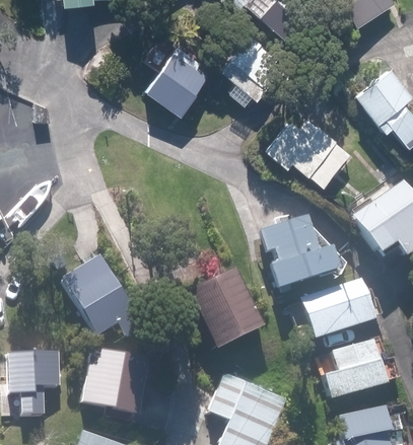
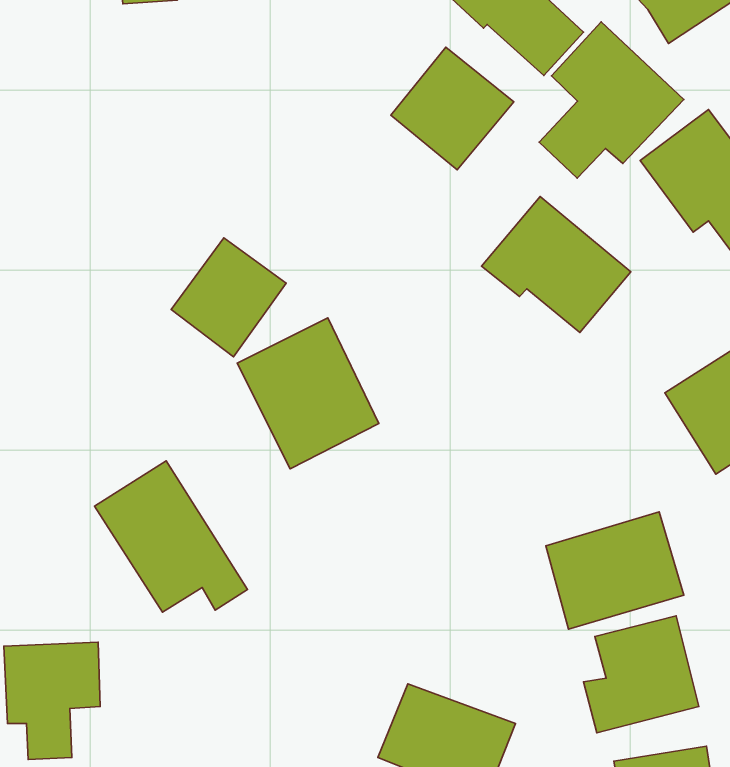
building: none -> [539,22,684,178]
building: [145,50,207,114] -> [171,238,286,357]
building: [259,215,339,289] -> none
building: [184,269,260,350] -> [237,318,379,469]
building: [81,348,145,413] -> none

